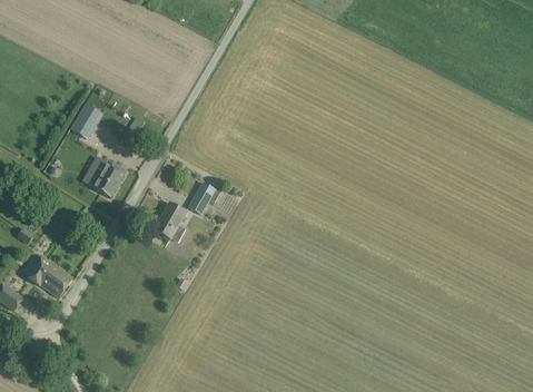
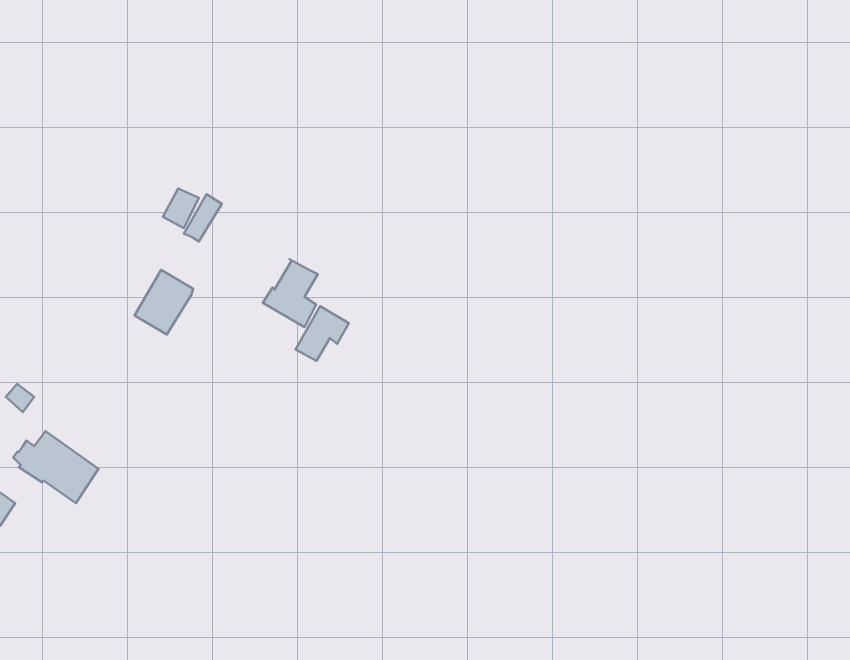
building: [71,105,100,138] -> none
building: [152,203,185,243] -> [263,259,318,327]

